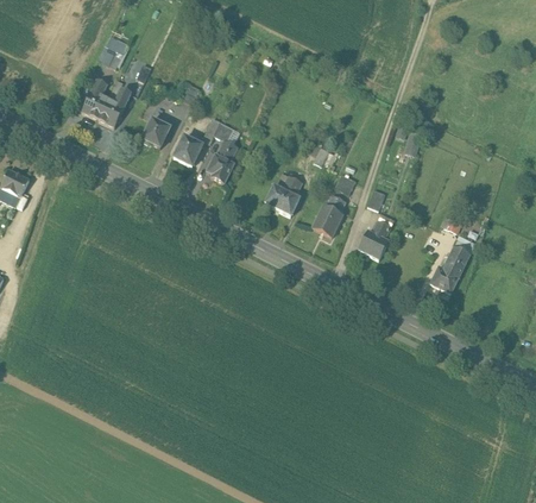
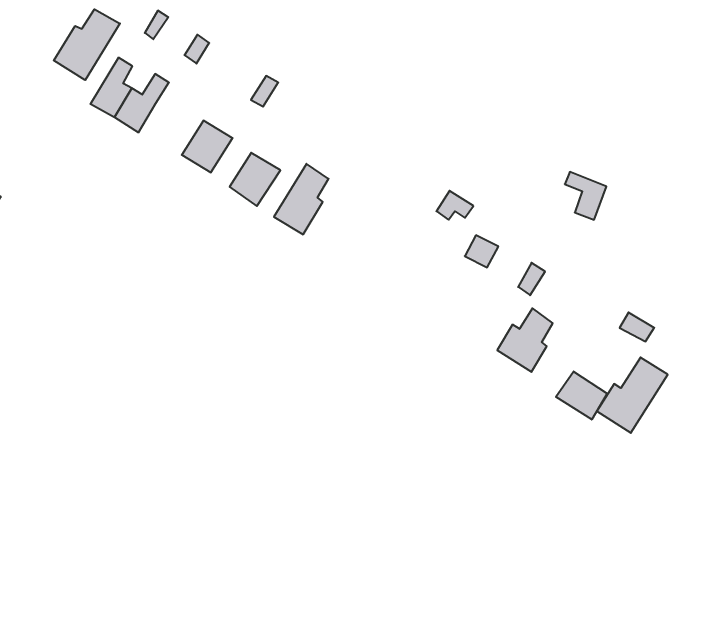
building: none -> [54,9,120,80]
building: [265,175,304,218] -> none
building: [310,195,346,237] -> none
building: none -> [556,371,607,420]

